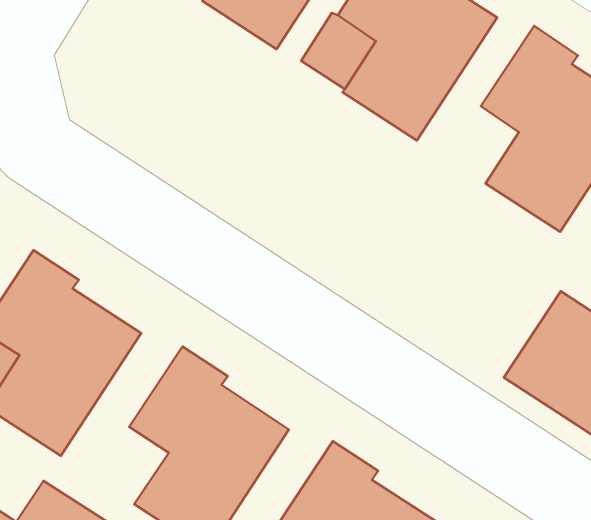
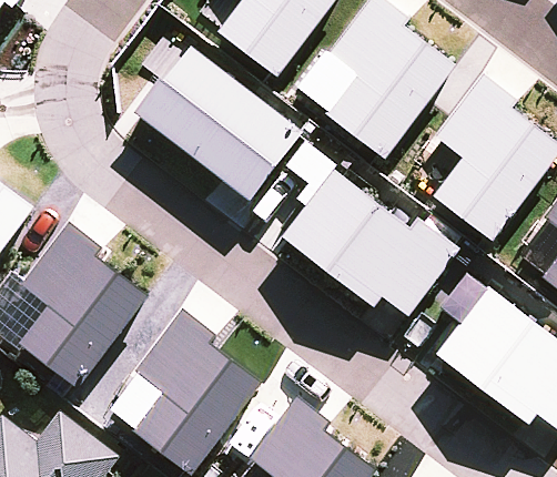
building: none -> [134,44,305,201]
building: none -> [282,170,457,314]

